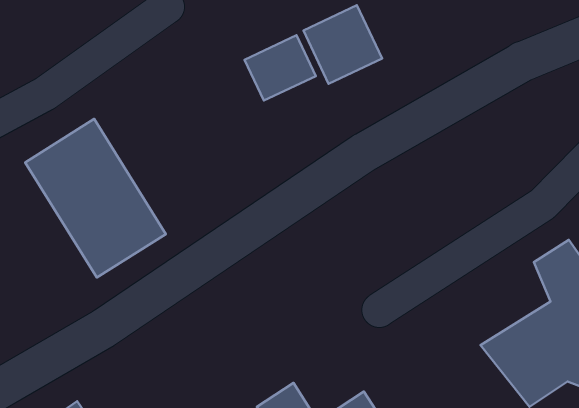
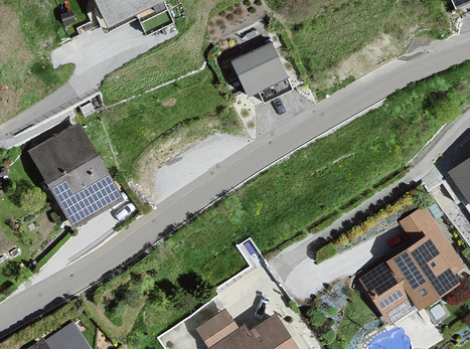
building: [244,35,316,101] -> none

